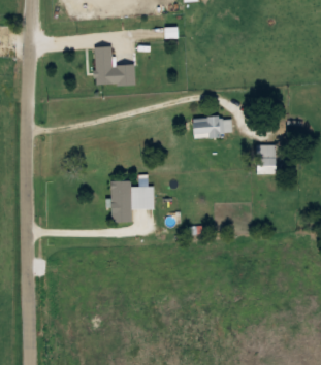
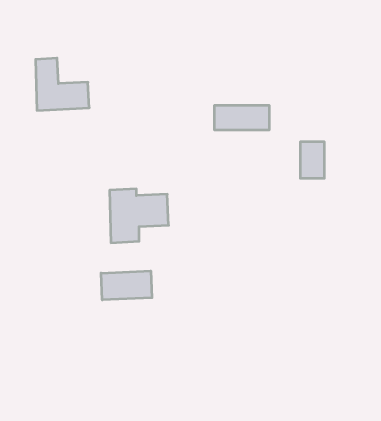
building: [96,46,137,87] -> [36,58,89,110]
building: none -> [101,271,152,300]

